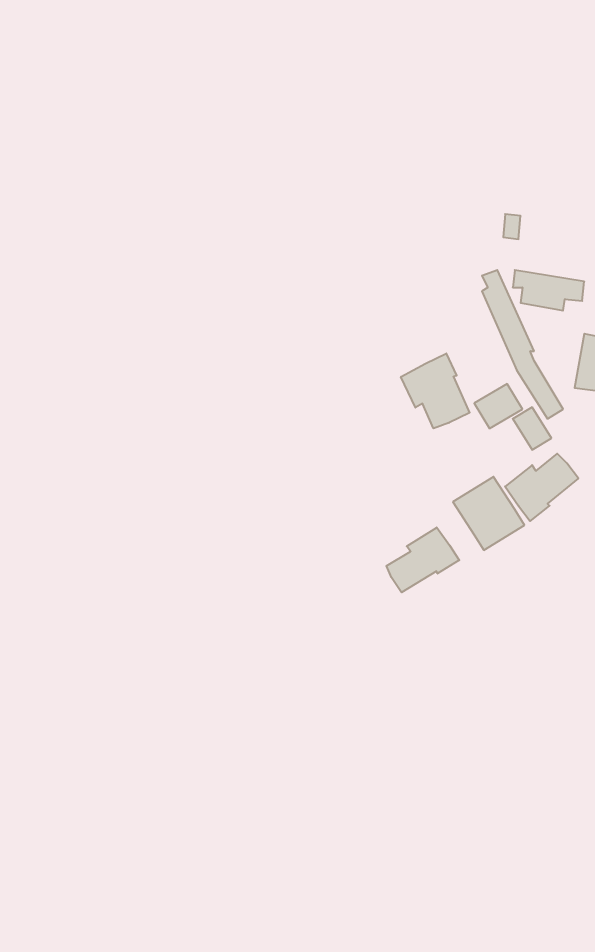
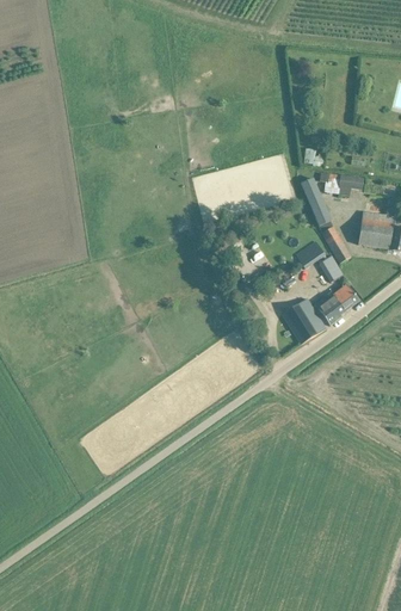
building: [401,353,470,428] -> none
building: [386,527,459,592] -> none

